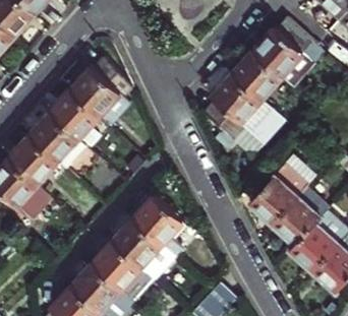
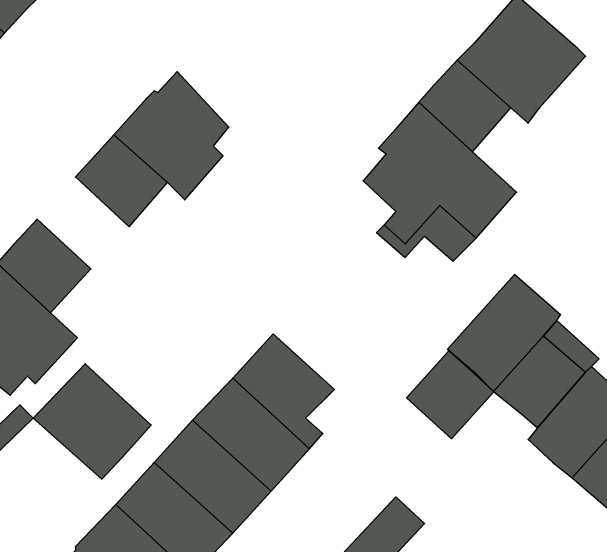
building: [31,113,88,169] -> none
building: none -> [407,351,494,439]
building: none -> [33,364,151,479]

